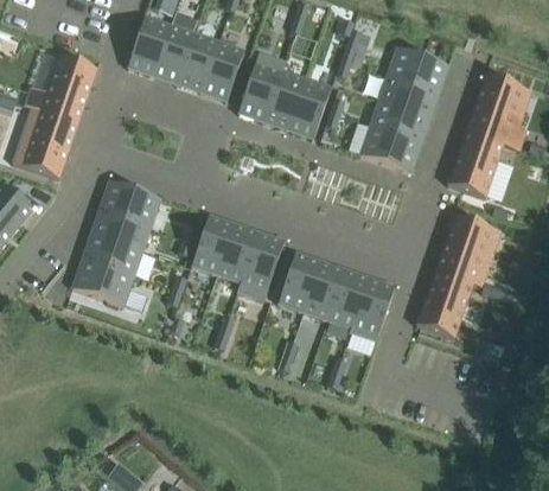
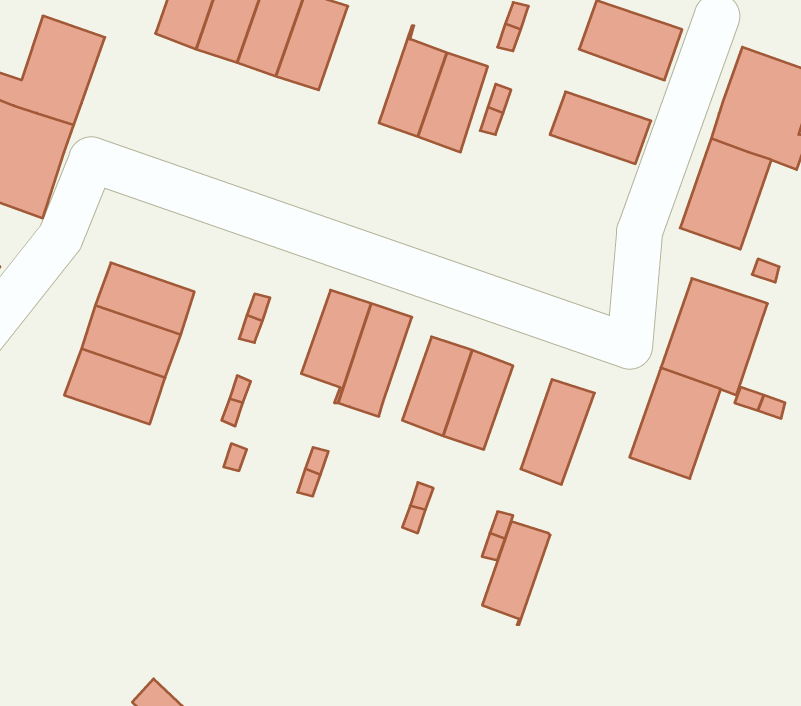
building: [237,52,283,121] -> none
building: [377,76,438,120] -> none
building: [359,128,420,172] -> none
building: [100,180,160,224] -> none
building: [191,215,234,274] -> none
building: [327,269,369,332] -> [482,521,550,625]

